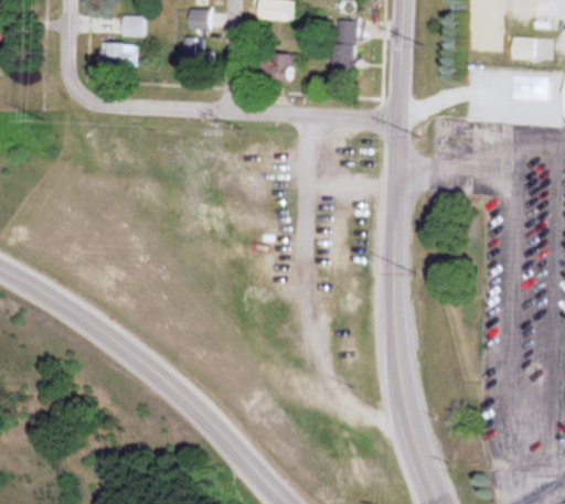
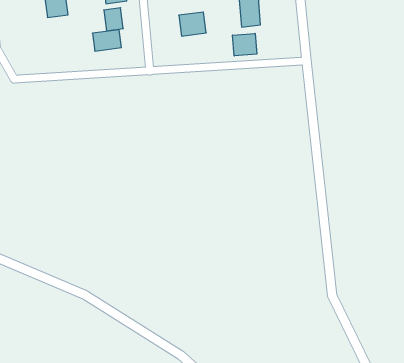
building: [106,43,136,63] -> [92,30,121,51]
building: none -> [233,33,257,56]

